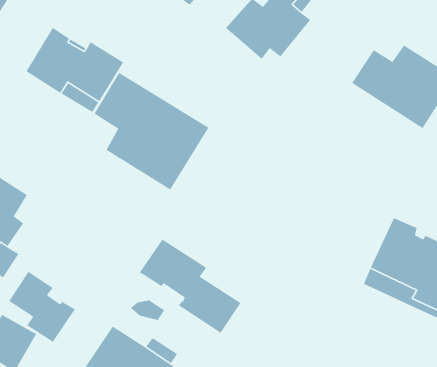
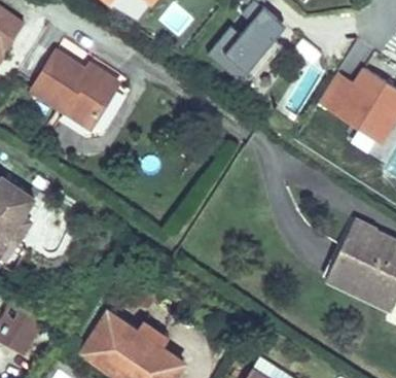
building: [94,72,210,190] -> none
building: [139,238,241,334] -> none
building: [8,271,76,343] -> none

